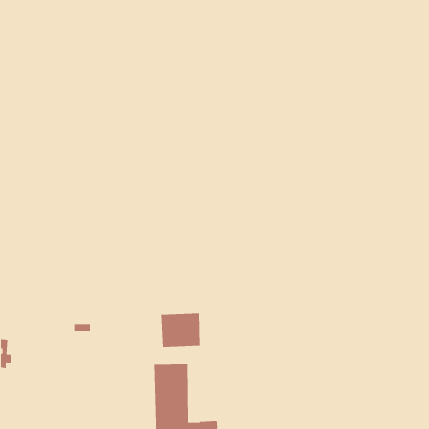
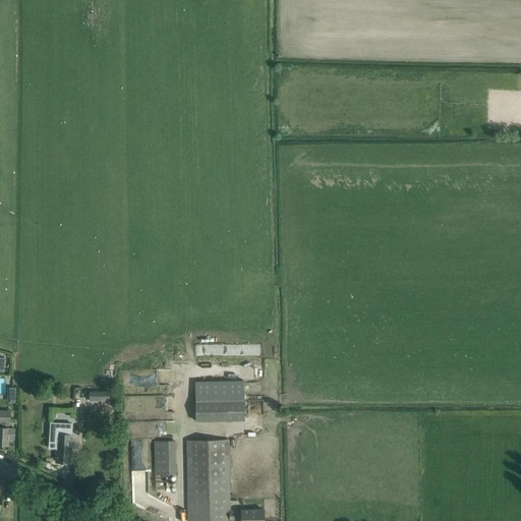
building: none -> [50,424,72,464]
building: none -> [154,442,175,476]

